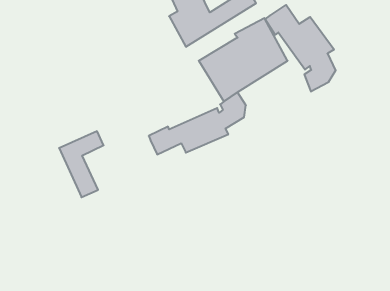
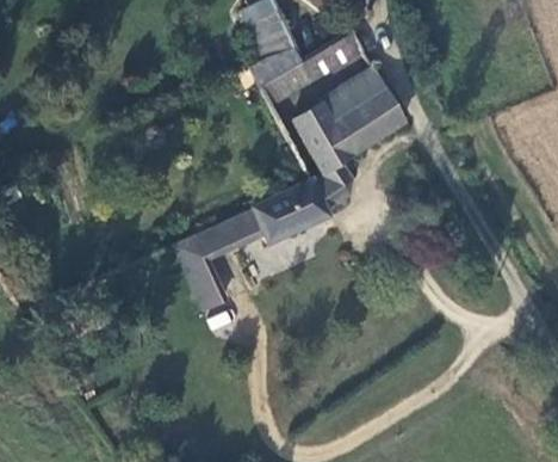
building: [265,5,336,92] -> none
building: [59,131,104,197] -> [178,226,235,310]

